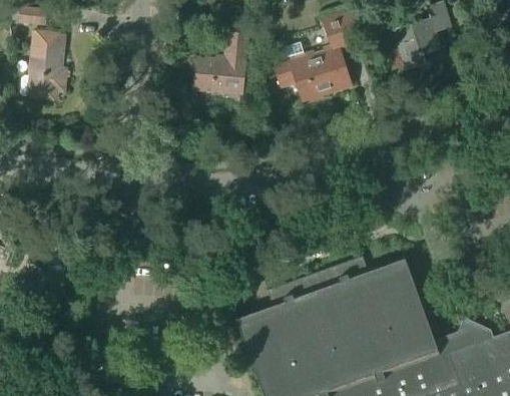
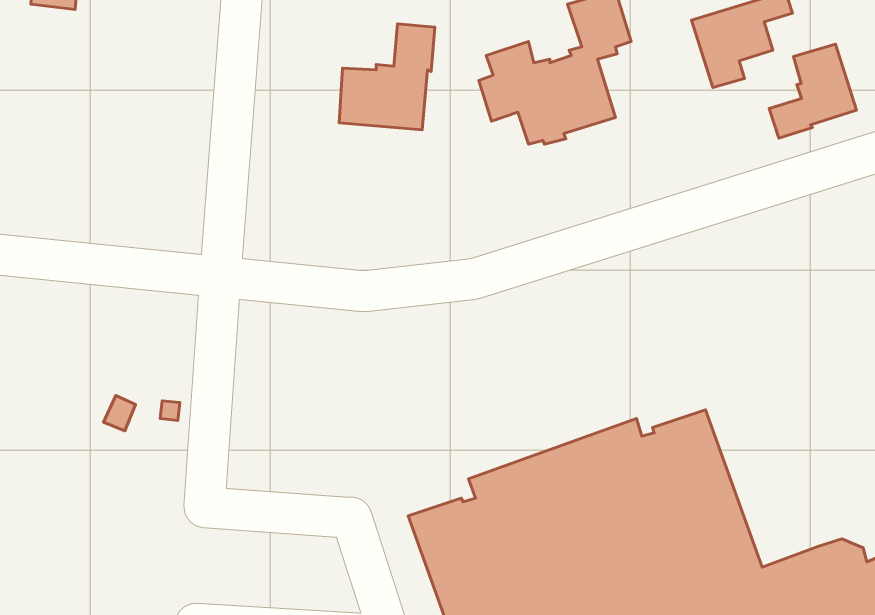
building: [22,33,68,101] -> none
building: none -> [769,44,856,138]

